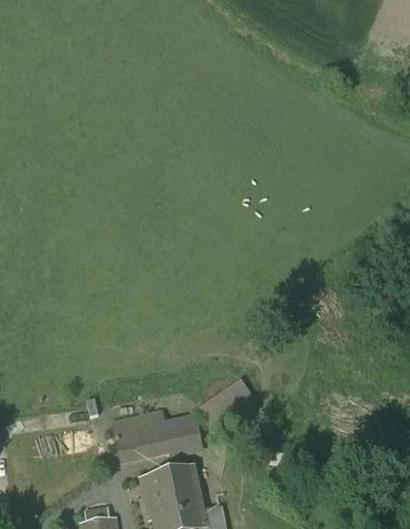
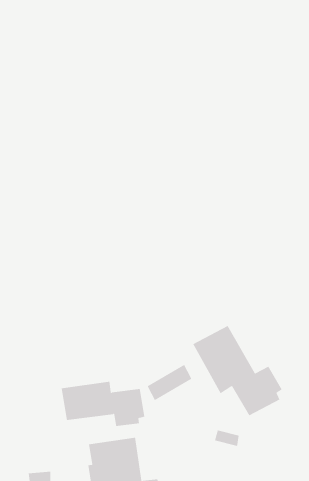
building: none -> [192,325,283,416]

